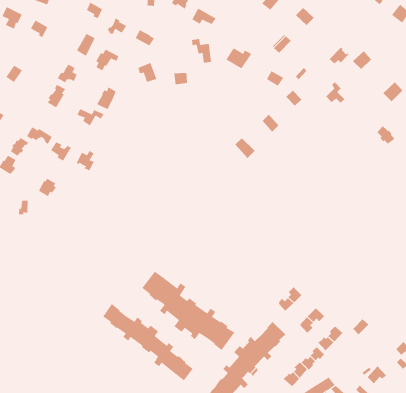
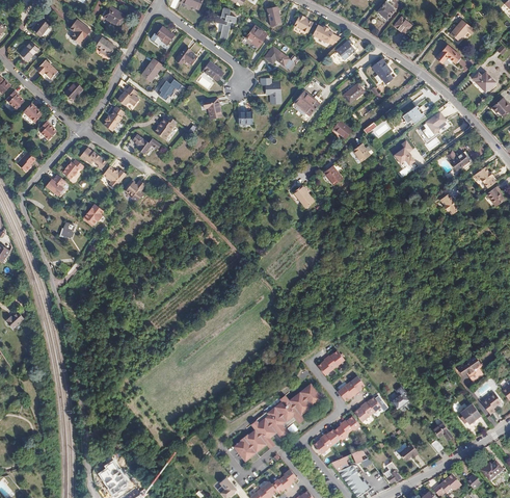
building: [141,271,235,351] -> none
building: [102,303,194,381] -> none

